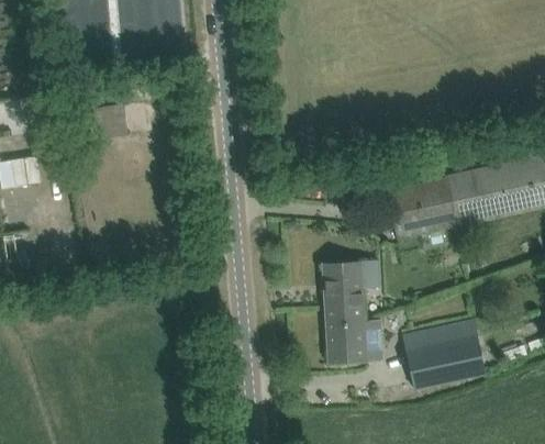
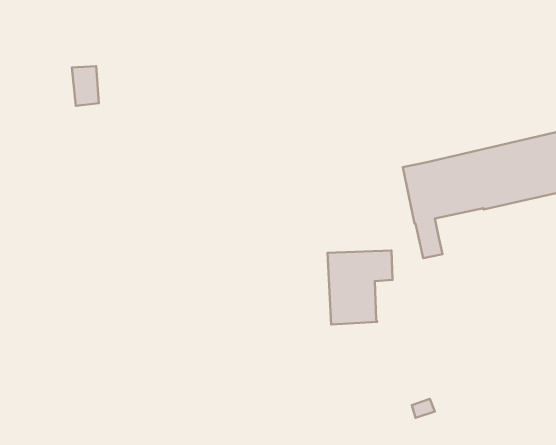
building: [326,319,386,362] -> none
building: [403,319,486,388] -> none

